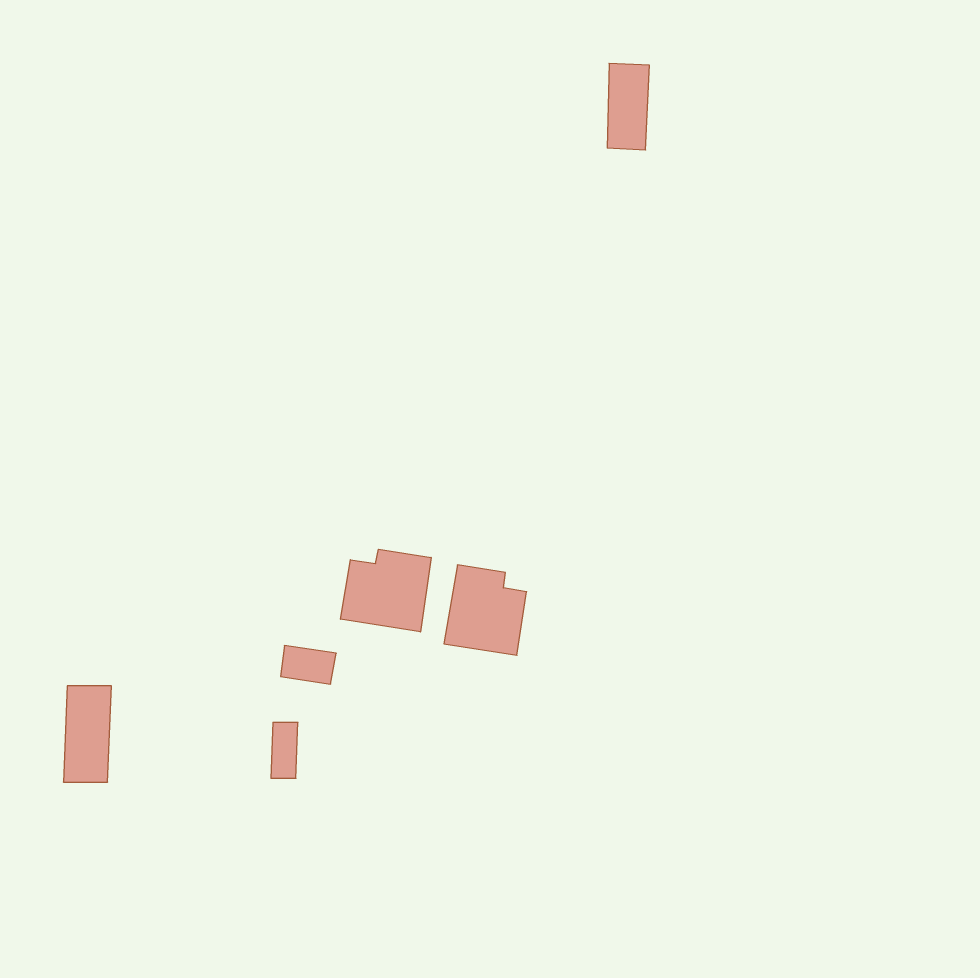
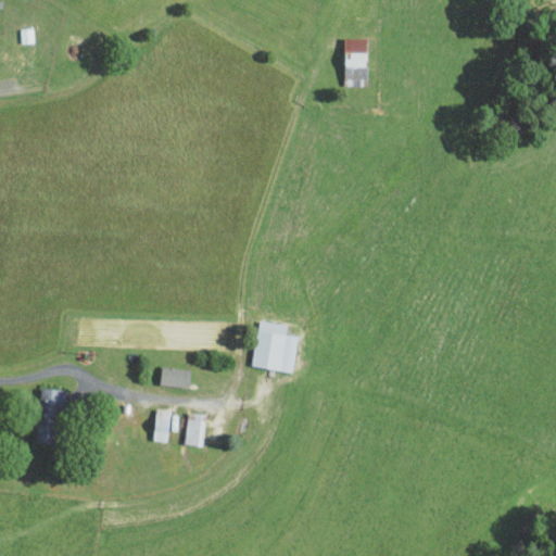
building: [341,549,431,632] -> none
building: none -> [185,413,206,447]

